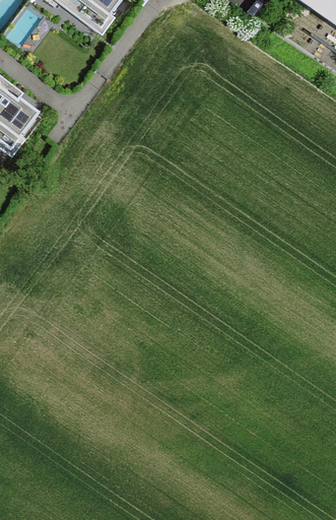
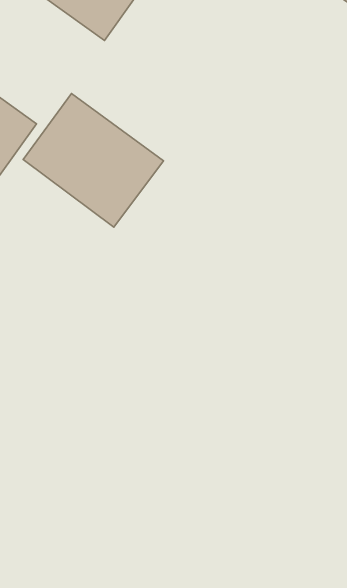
building: none -> [23,94,164,227]

